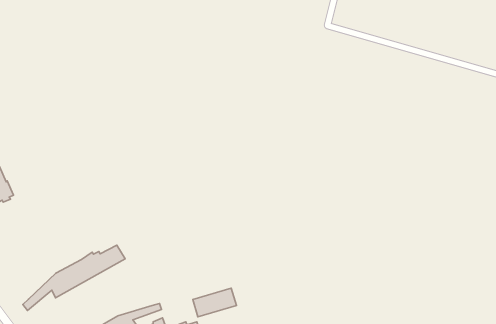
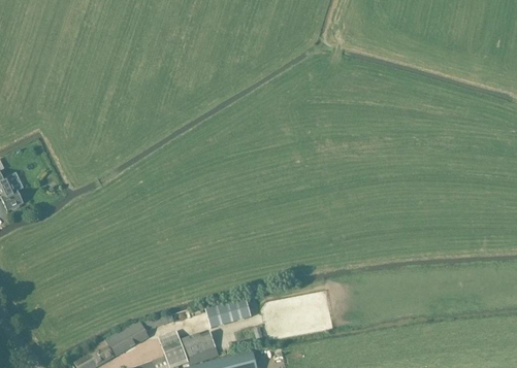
building: [23,245,125,310] -> none

